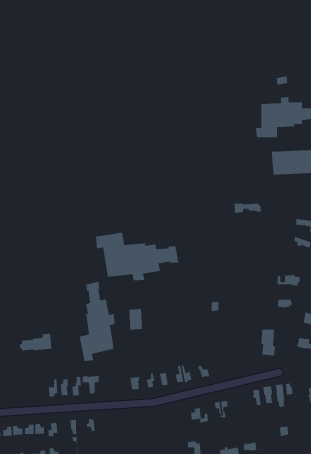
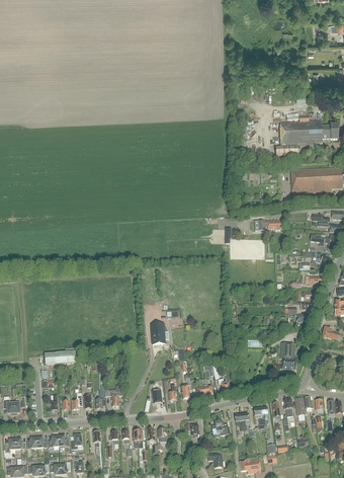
building: [96,232,179,281] -> none
building: [79,281,115,362] -> none

